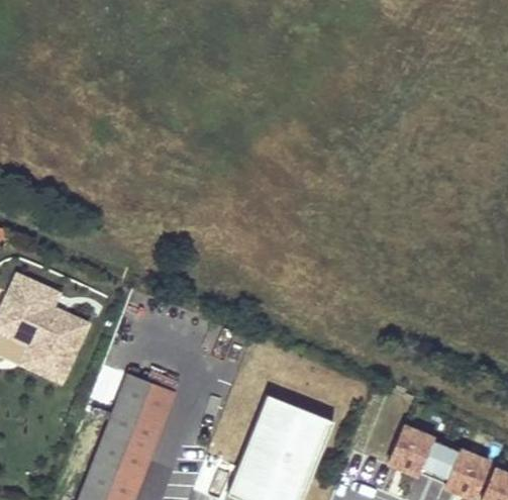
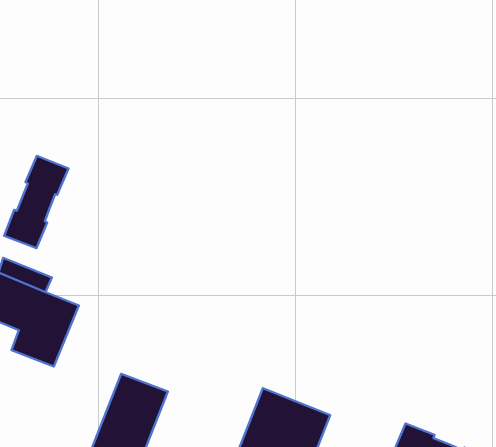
building: none -> [4,156,68,248]

